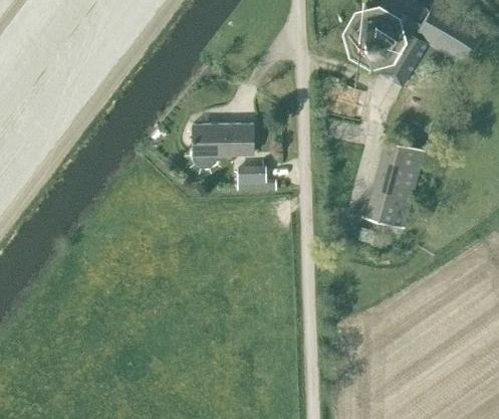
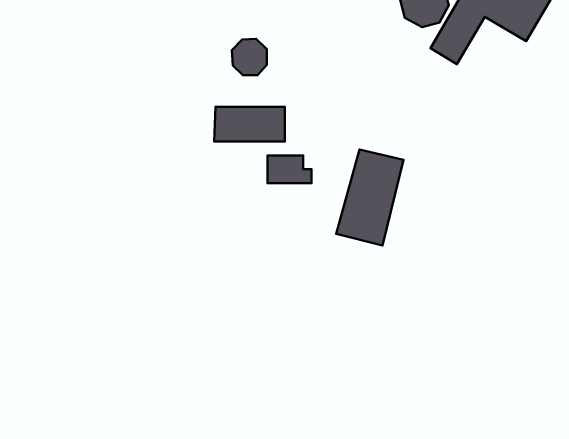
building: none -> [232,39,267,75]
building: [366,144,425,227] -> [336,150,403,245]

